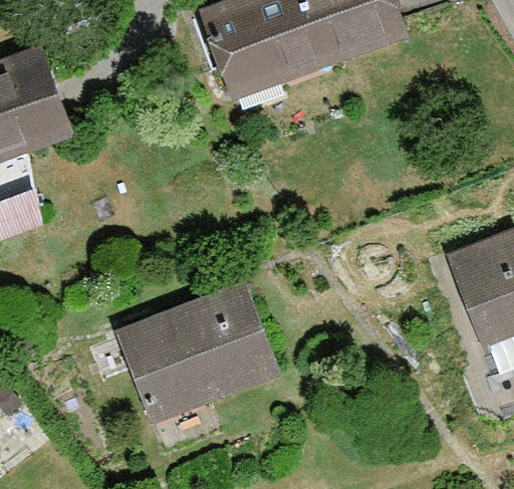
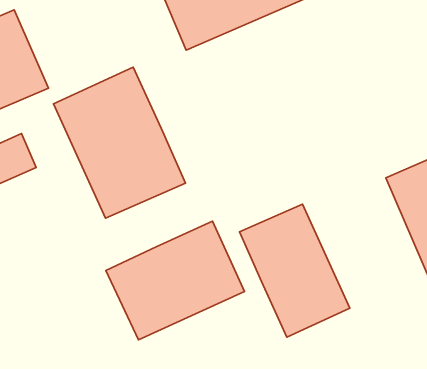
building: none -> [53,67,185,218]
building: none -> [239,204,350,337]

